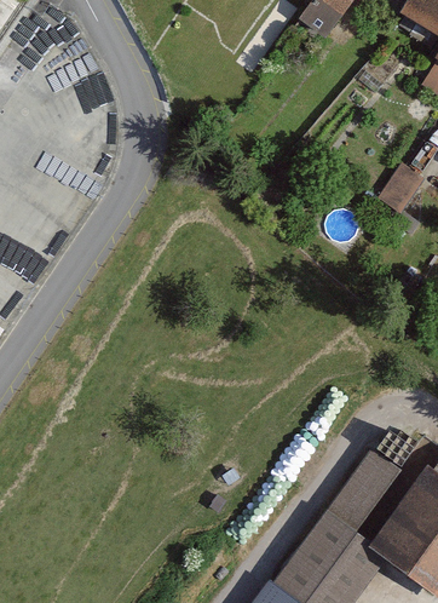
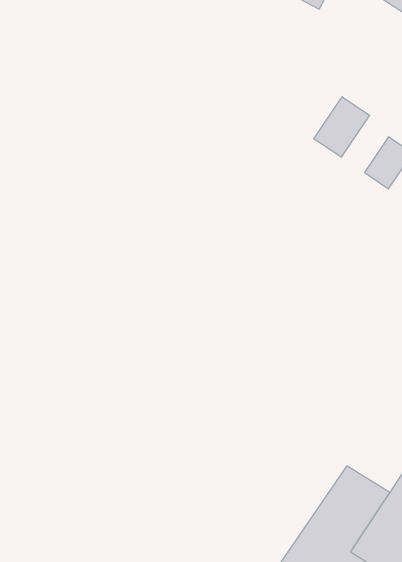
building: none -> [314,97,369,157]

